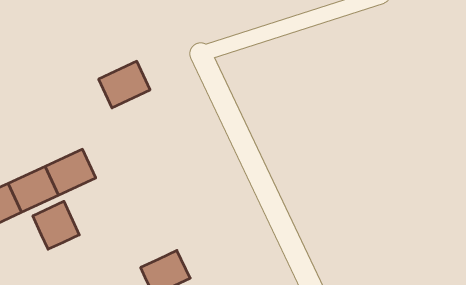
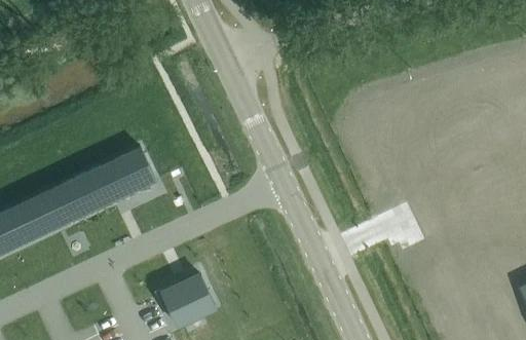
building: [99,61,150,108] -> [99,150,154,200]
building: [33,201,79,249] -> none

